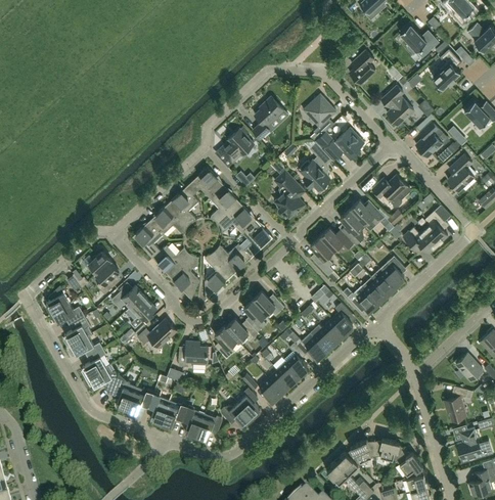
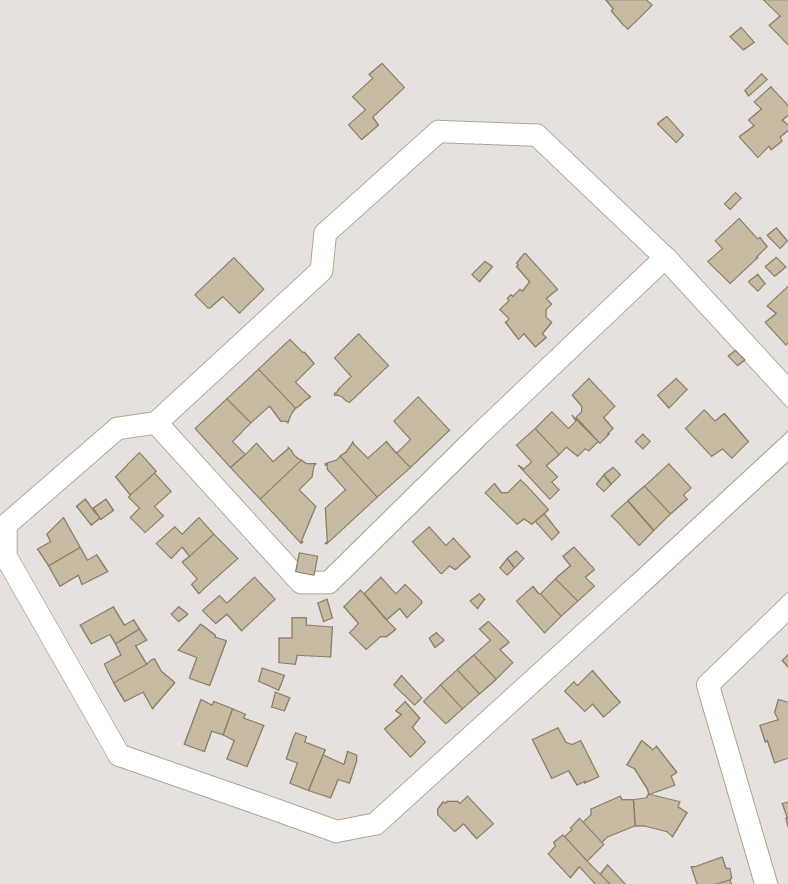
building: [400,24,439,54] -> none
building: [350,50,375,85] -> none
building: [381,86,414,126] -> none
building: [303,94,336,141] -> none
building: [253,97,283,139] -> [349,63,404,140]
building: [324,128,364,161] -> none
building: [219,129,254,163] -> none
building: [185,168,223,198] -> [195,258,264,313]
building: [274,171,305,218] -> none
building: [372,175,407,207] -> none
building: [350,199,385,226] -> none
building: [218,202,256,233] -> none
building: [424,204,450,244] -> none
building: [343,285,377,310] -> [485,480,548,524]
building: [243,300,268,332] -> none
building: [64,316,92,346] -> none
building: [295,332,325,358] -> [565,671,620,717]
building: [109,377,136,411] -> [178,624,226,685]
building: [162,401,188,428] -> none
building: none -> [532,728,599,785]
building: [221,403,252,426] -> [438,796,493,839]
building: [396,449,423,479] -> [627,741,677,794]

